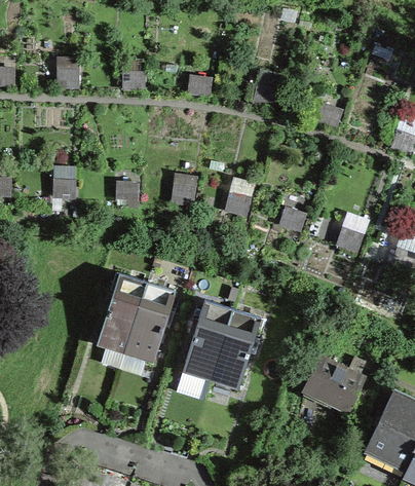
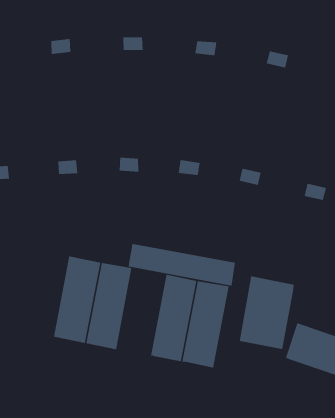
building: none -> [127,243,235,287]
building: none -> [239,276,294,350]

